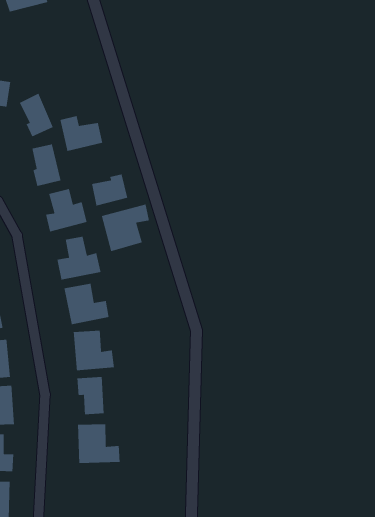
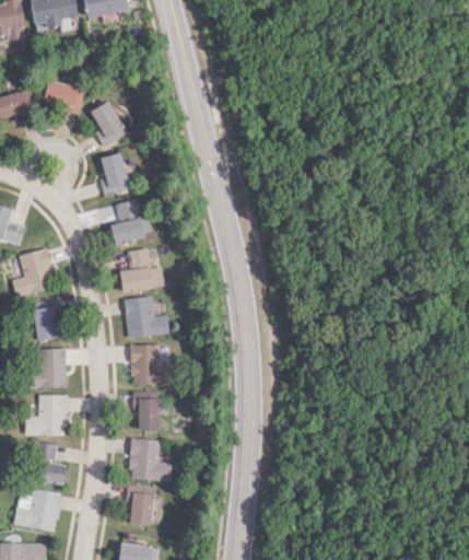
building: [60,115,103,152] -> none
building: [91,173,128,207] -> none
building: [101,204,150,252] -> none
building: none -> [126,485,153,525]

